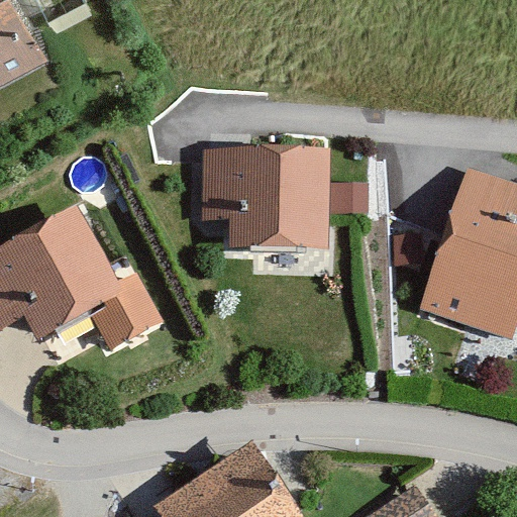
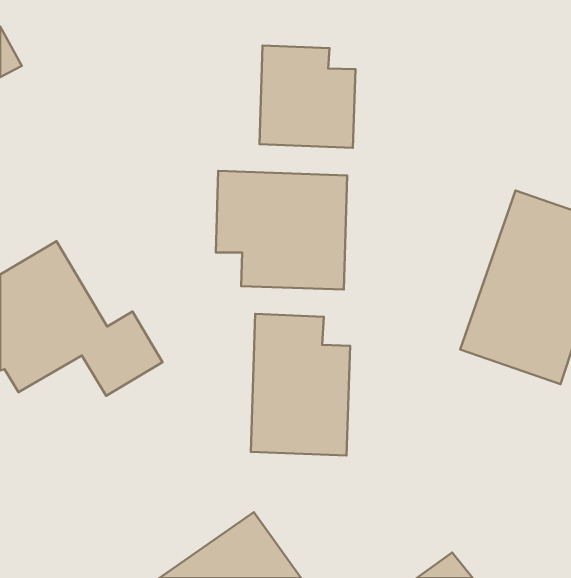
building: none -> [259,46,356,148]
building: none -> [251,314,350,455]

